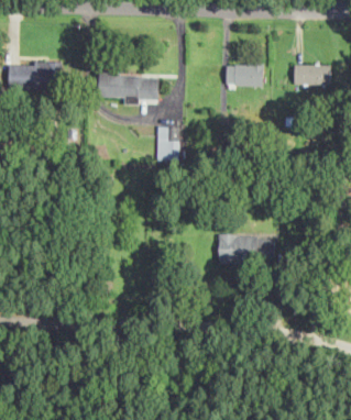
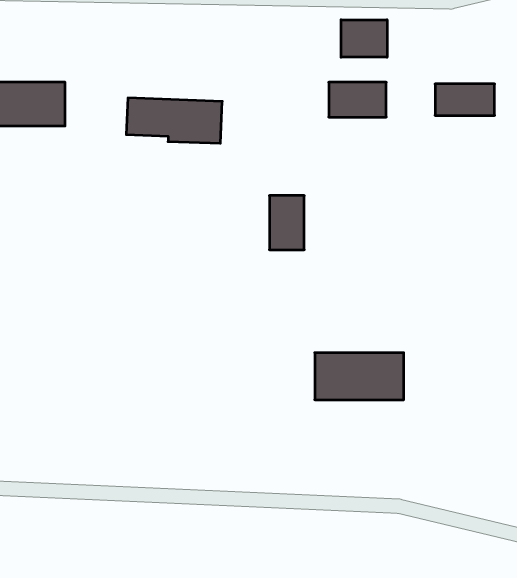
building: none -> [341,20,387,57]
building: [156,126,178,161] -> [269,196,304,250]

